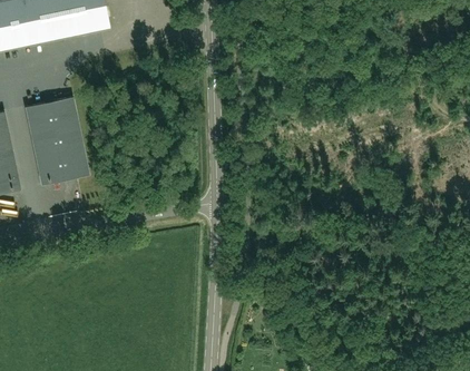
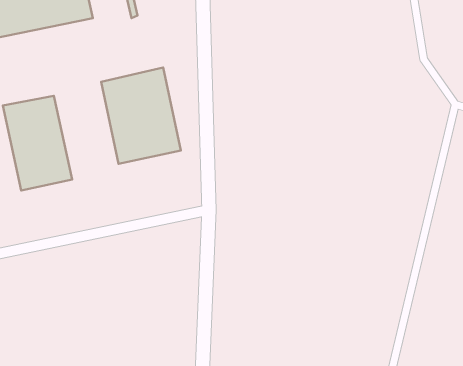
building: none -> [101,67,181,164]

